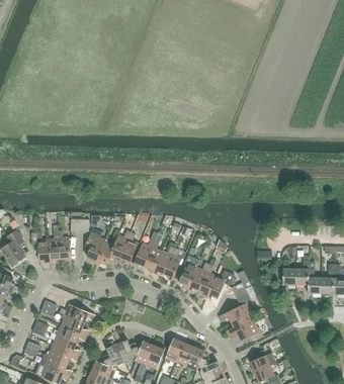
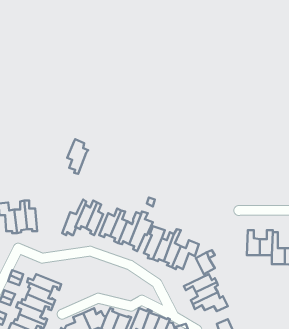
building: [84,227,105,263] -> [67,139,88,174]

